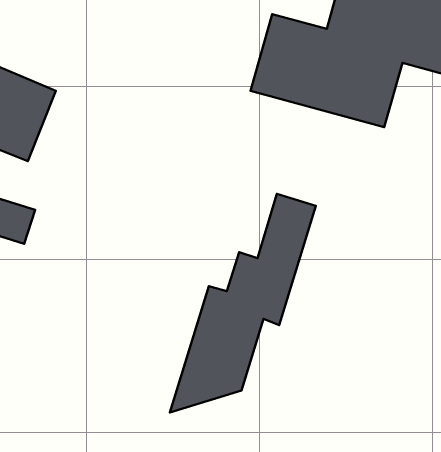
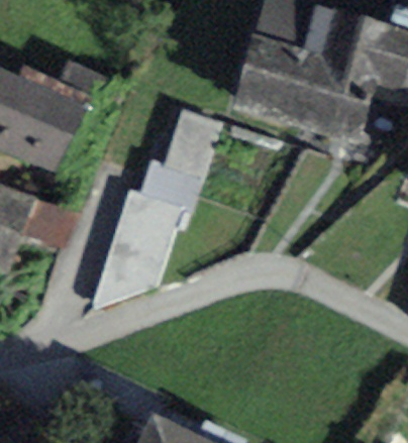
building: [170,194,316,413] -> [96,110,217,292]

